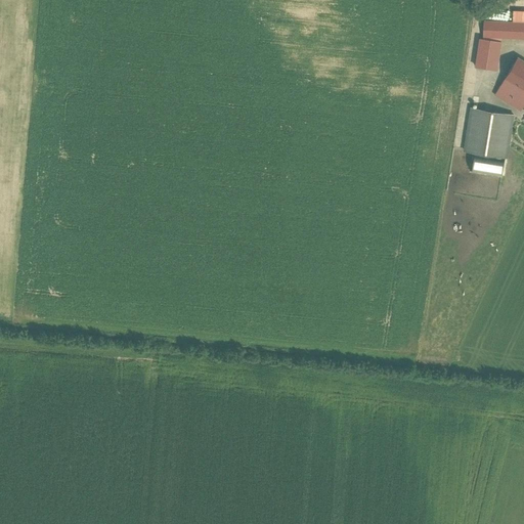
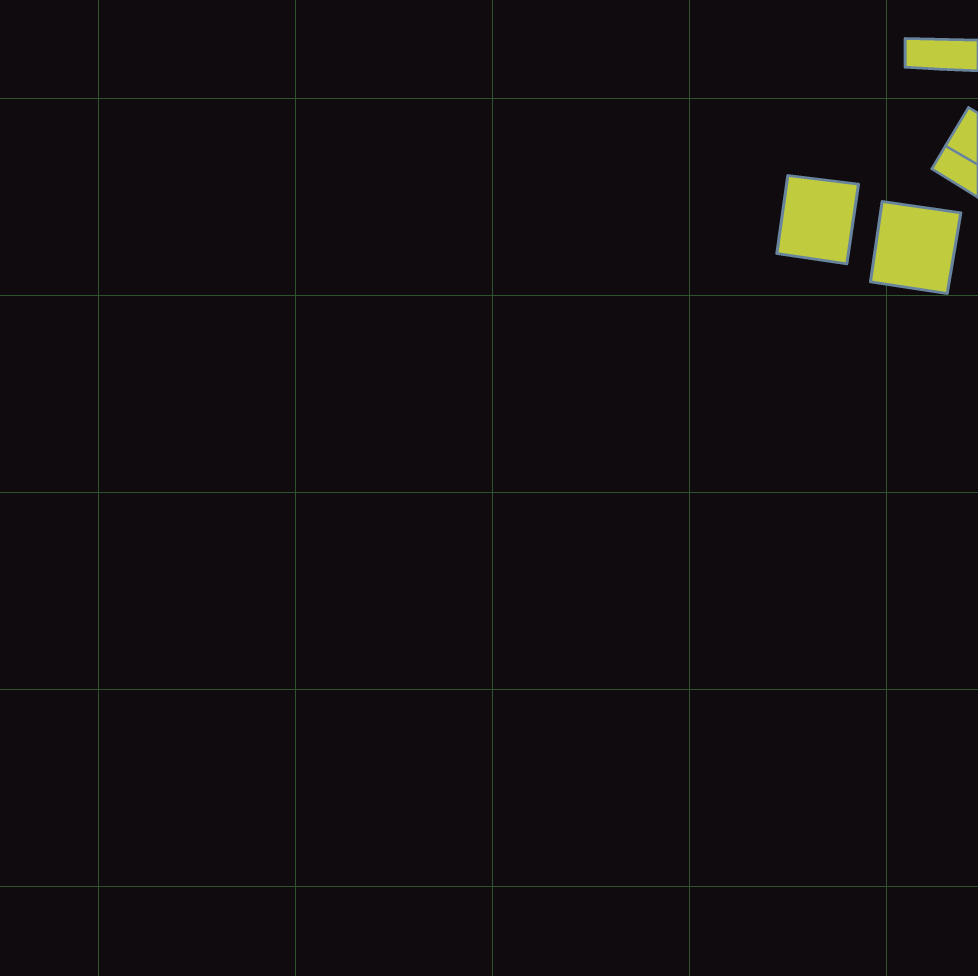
building: [476,38,501,72] -> none
building: none -> [777,176,859,264]

